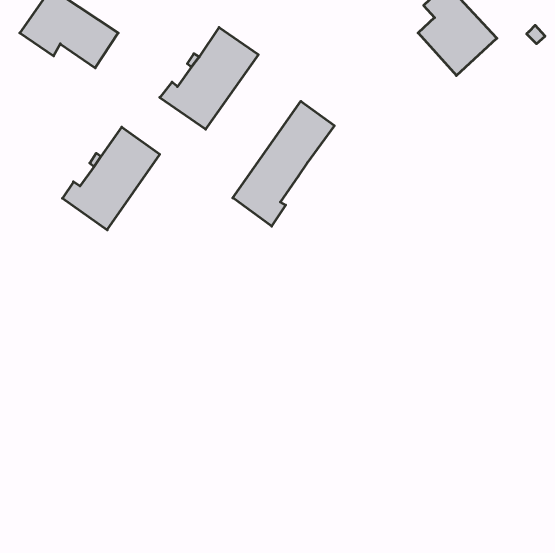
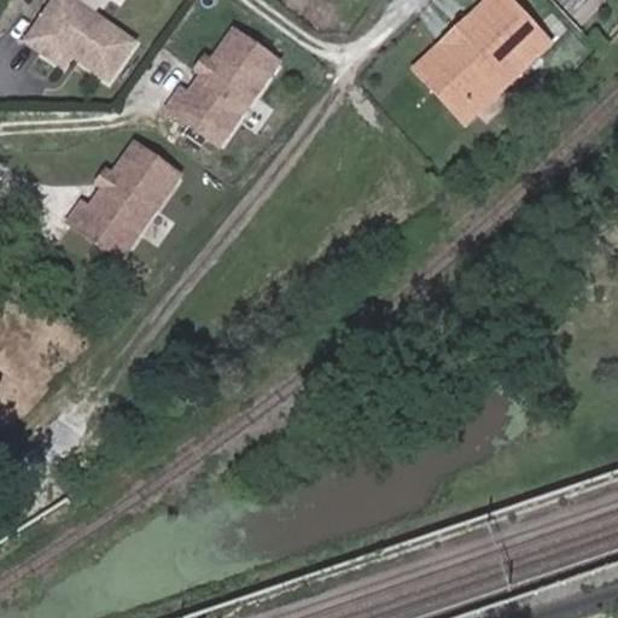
building: none -> [404,36,503,124]
building: [233,101,334,226] -> none

